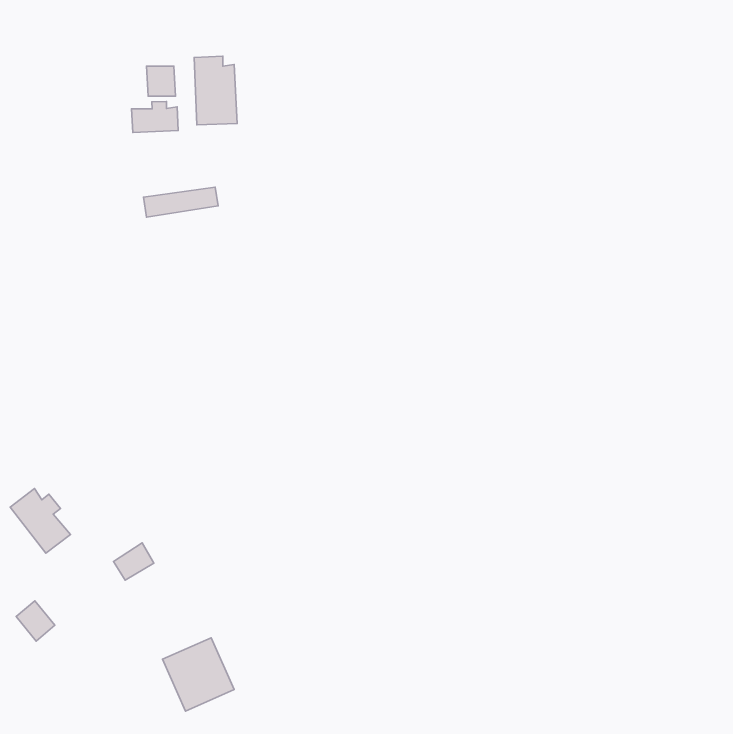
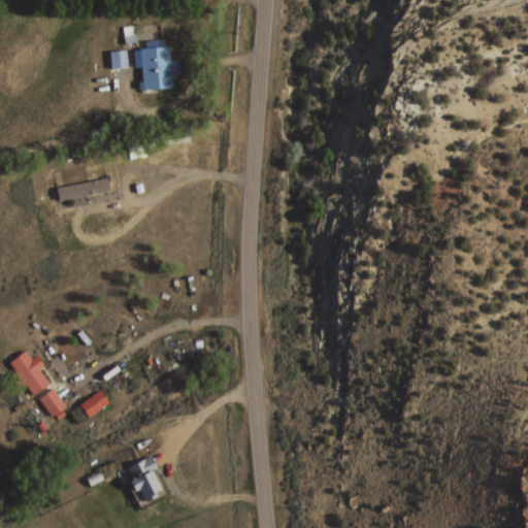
building: [132,101,178,132] -> none
building: [143,187,218,217] -> [55,179,108,201]
building: [16,601,55,641] -> [40,389,68,418]

